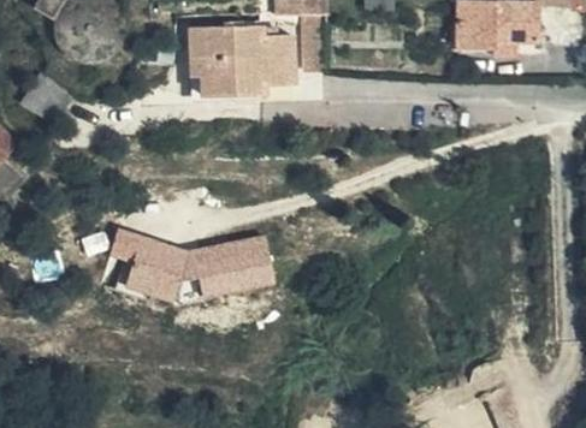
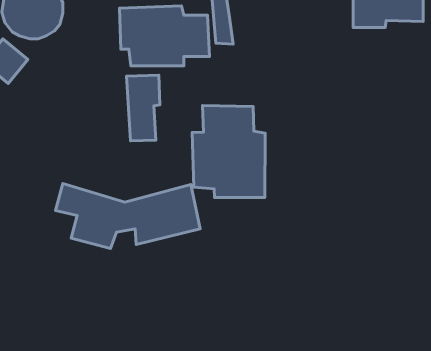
building: none -> [127,75,160,141]
building: none -> [192,105,265,197]

